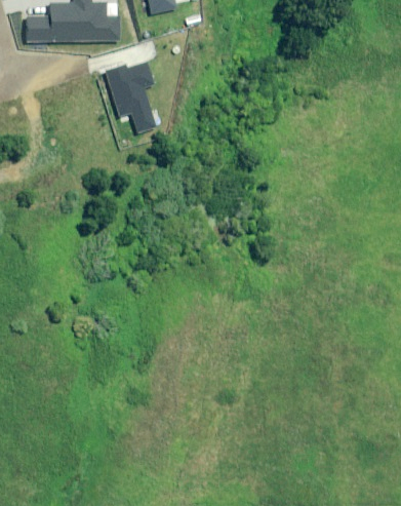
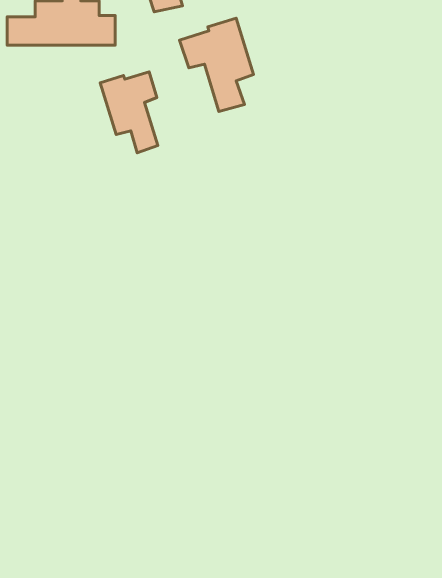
building: none -> [179,18,254,111]

